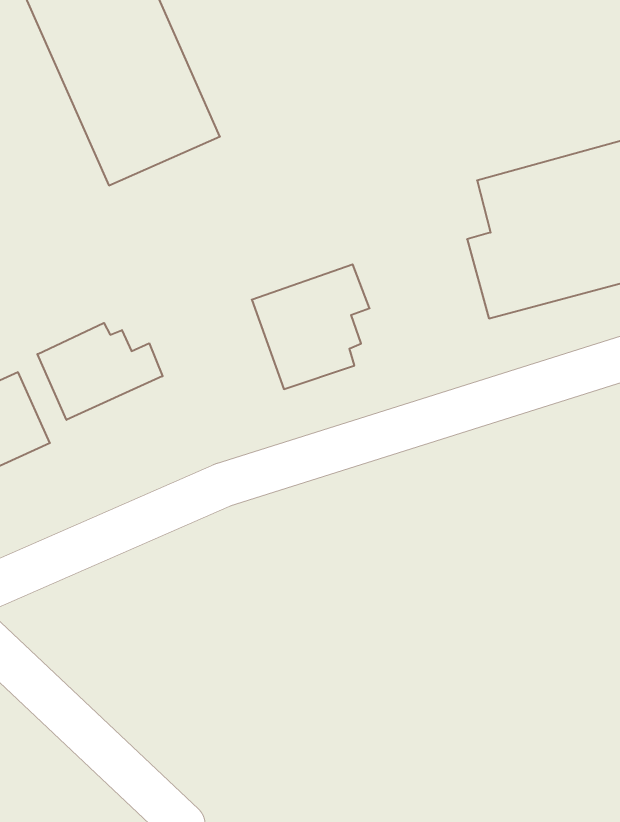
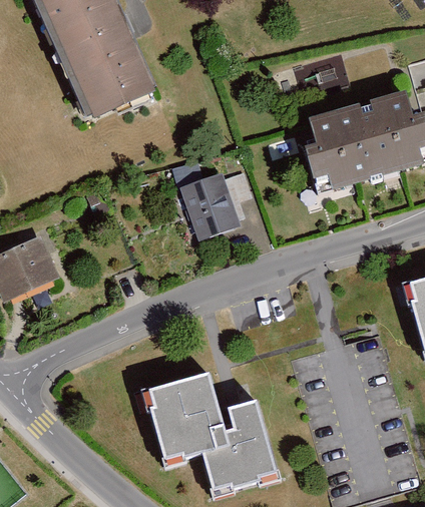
building: [37,323,163,420] -> none
building: none -> [148,369,280,487]

